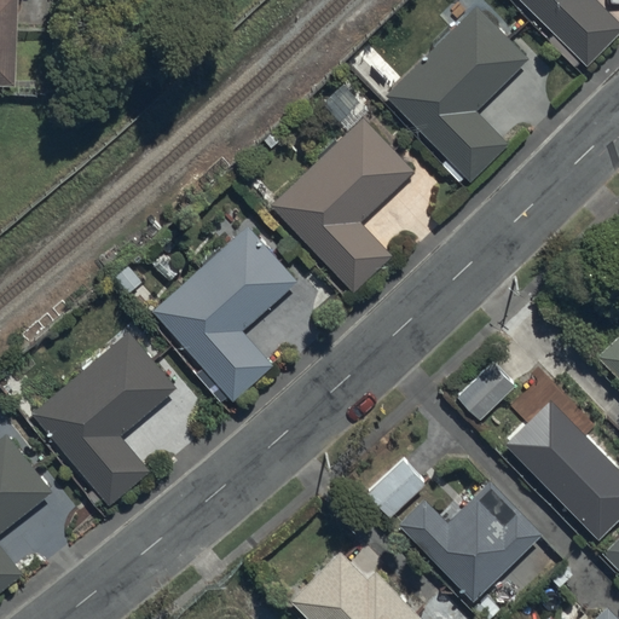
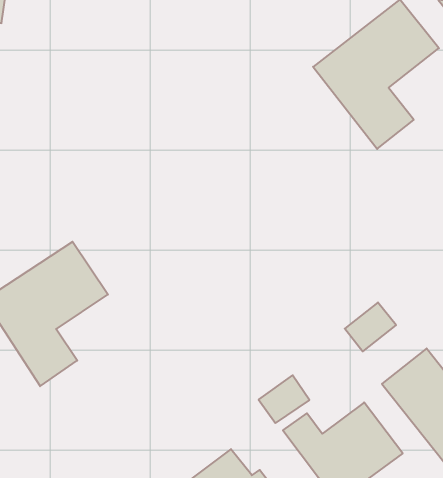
building: [271,117,413,293] -> none
building: [152,225,297,400] -> none

